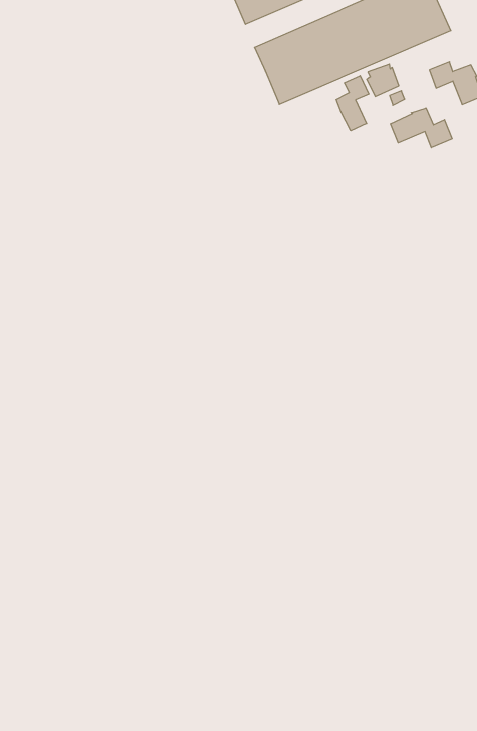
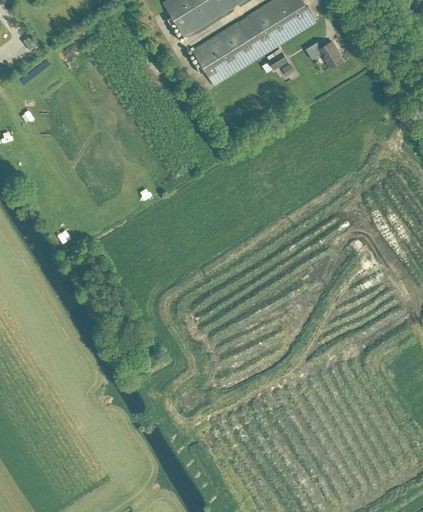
building: [336,76,369,131] -> none
building: [391,108,452,148] -> none

